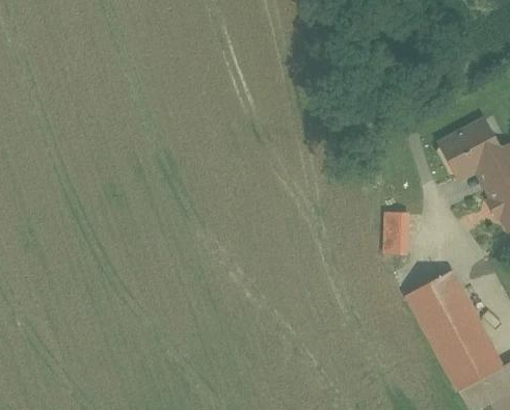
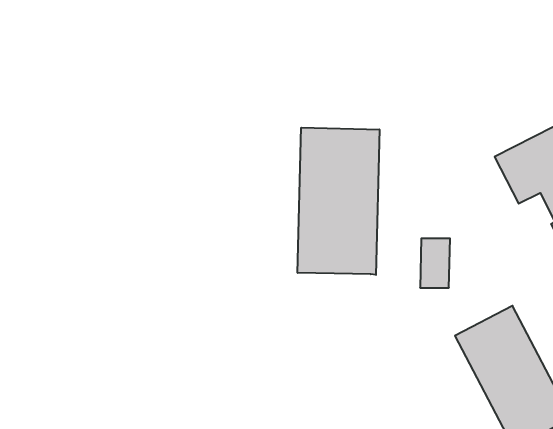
building: none -> [298,128,379,275]

